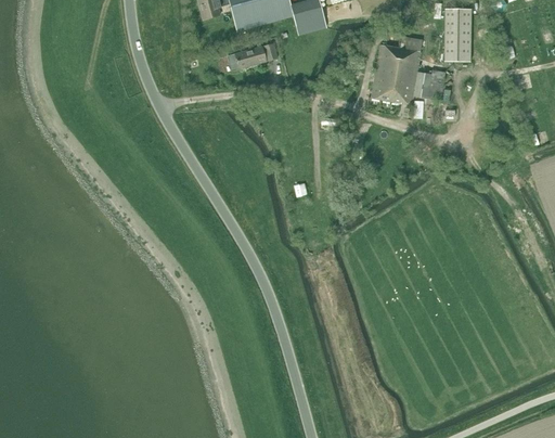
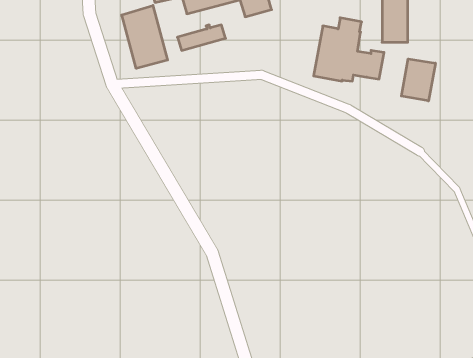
building: none -> [122,5,168,68]
building: none -> [401,59,435,101]

